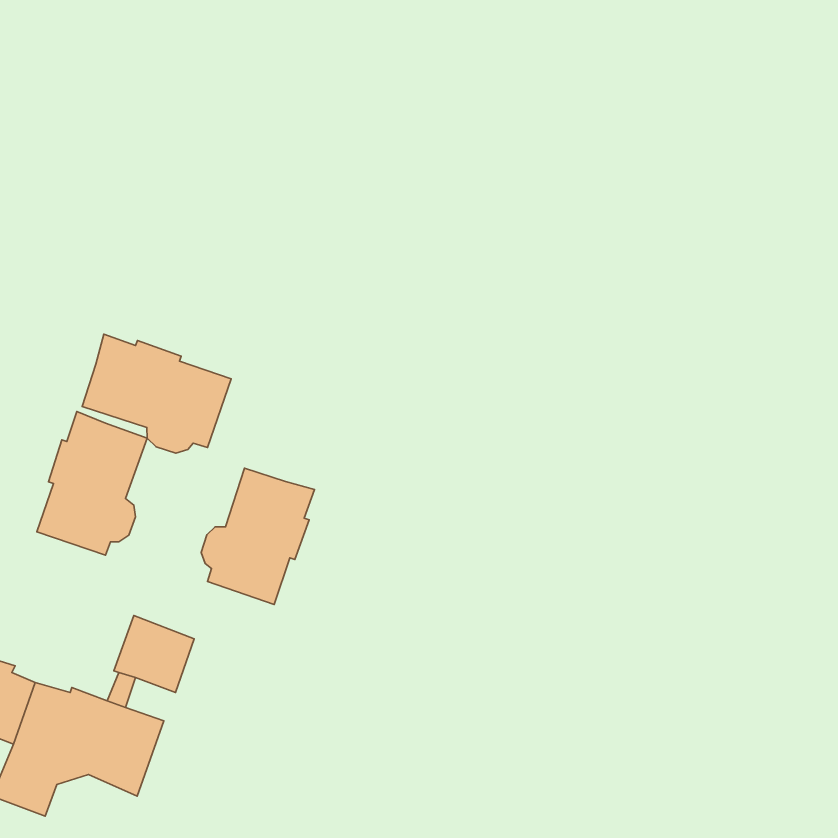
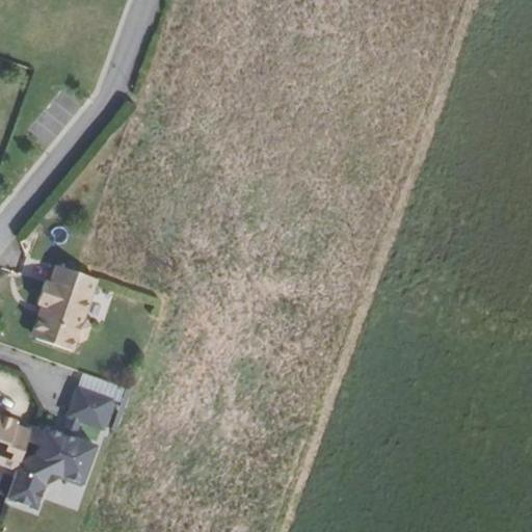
building: [82,334,231,453] -> none
building: [201,468,314,604] -> none

